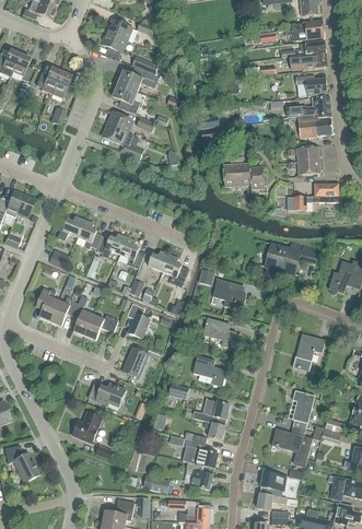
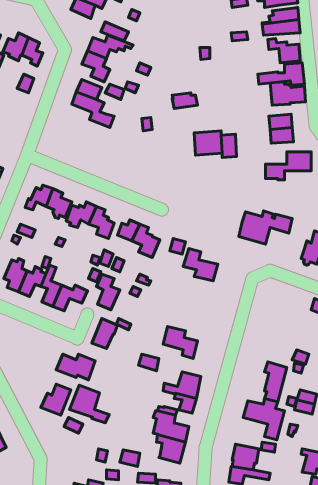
building: [202,316,236,348] -> none
building: [292,333,325,371] -> none
building: none -> [69,385,109,423]

